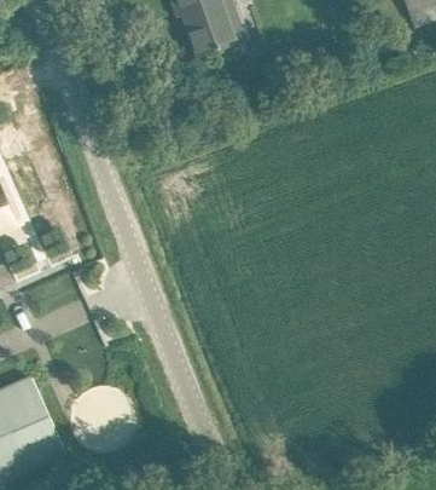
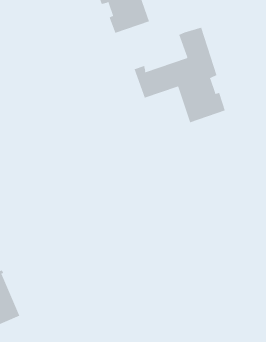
building: none -> [134,27,226,123]

